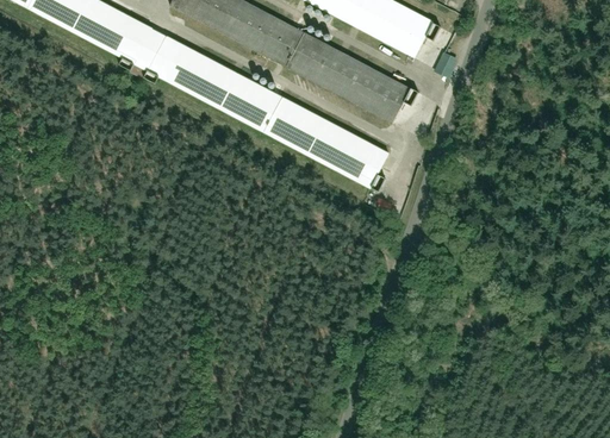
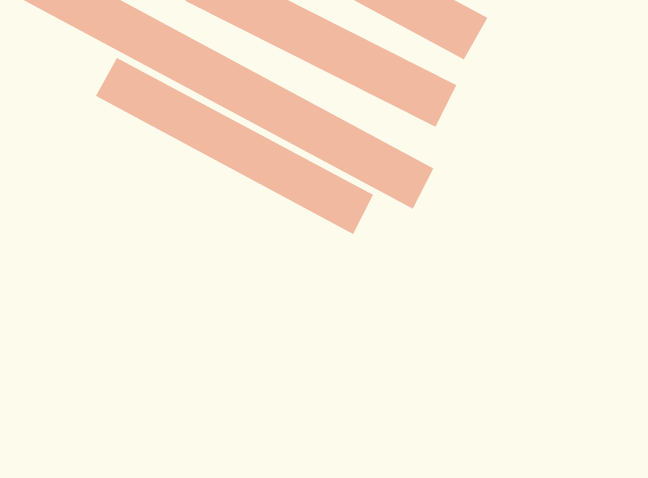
building: none -> [95,57,374,235]

